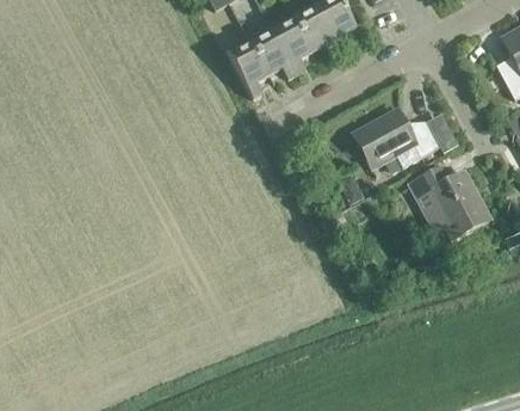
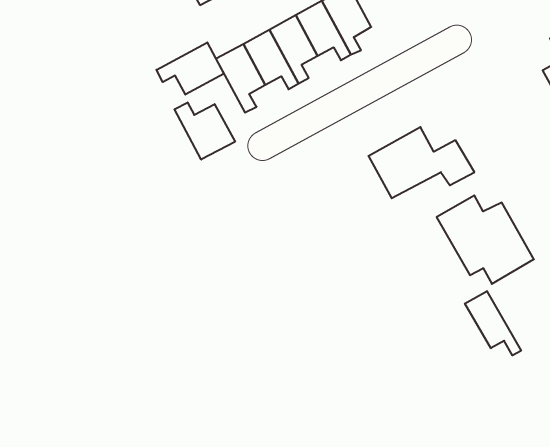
building: none -> [156,42,224,95]
building: none -> [174,102,235,160]
building: none -> [465,291,521,355]

